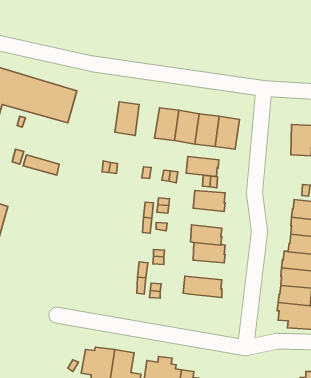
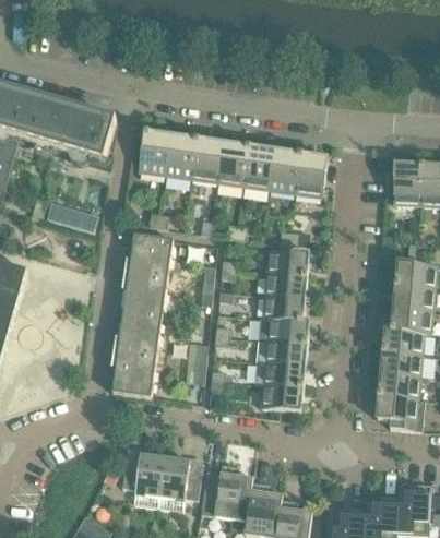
building: none -> [138,130,170,174]
building: none -> [191,138,223,181]
building: [186,156,219,177] -> [264,272,307,298]
building: none -> [104,234,173,396]
building: none -> [255,338,307,364]
building: none -> [260,383,304,410]

